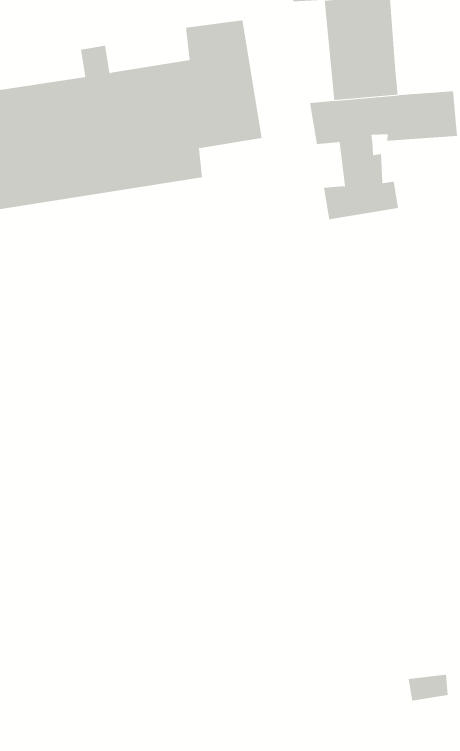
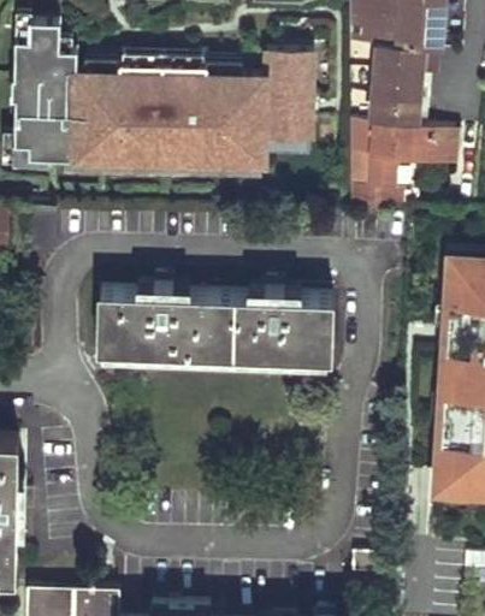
building: none -> [100,278,332,362]

